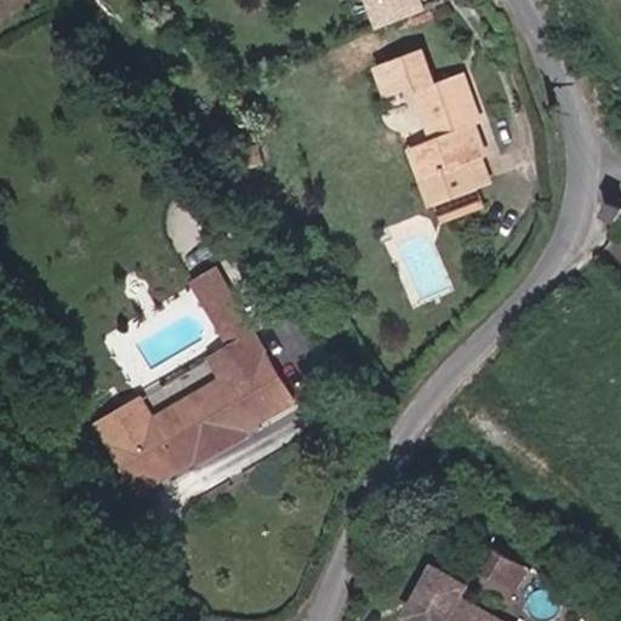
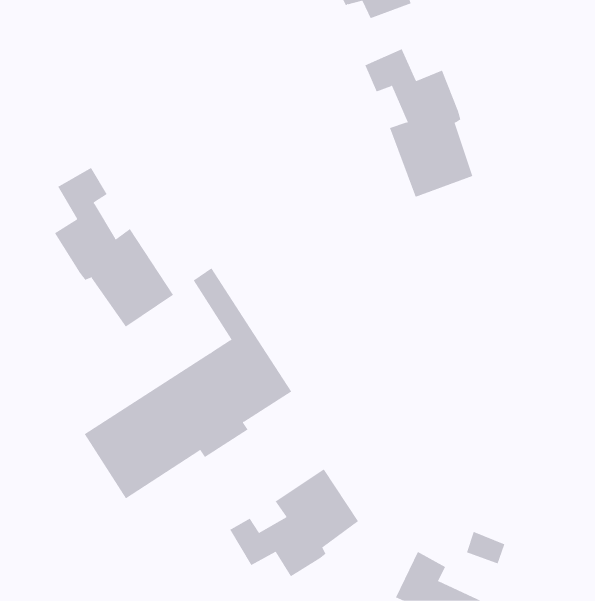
building: none -> [54,167,174,327]
building: none -> [230,468,359,577]

